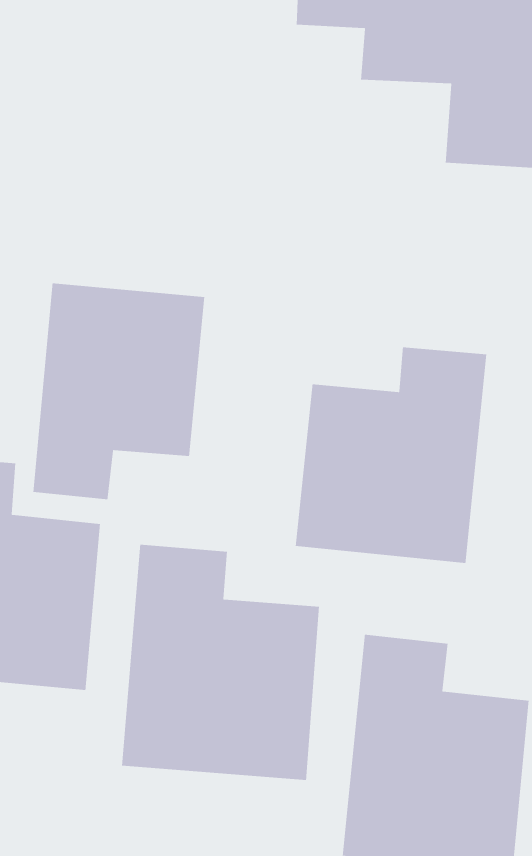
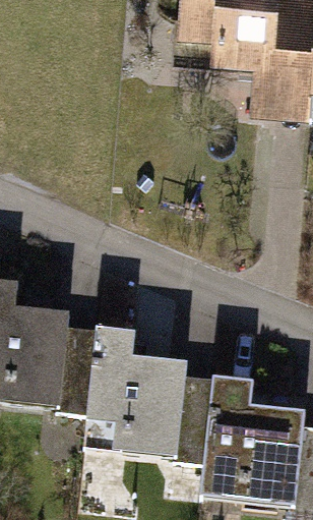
building: [32,282,205,500] -> none
building: [295,346,487,564] -> none

